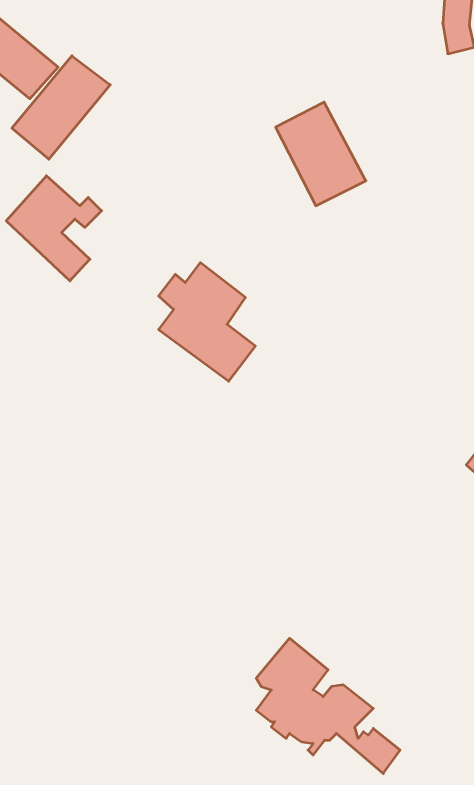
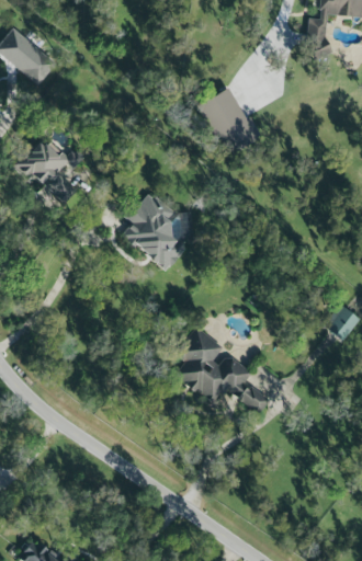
building: [12,56,110,159] -> none
building: [256,638,400,774] -> [177,327,271,415]

